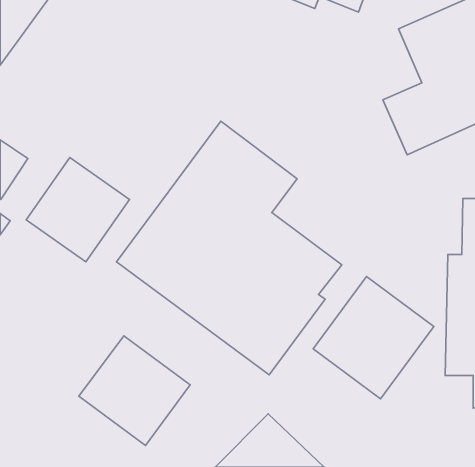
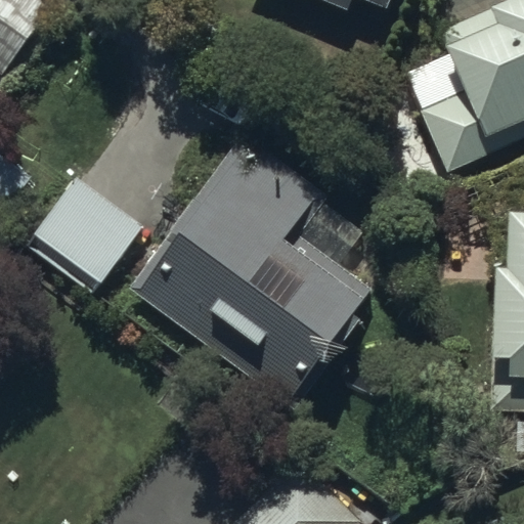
building: [313,277,434,399] -> none
building: [79,336,190,446] -> none

